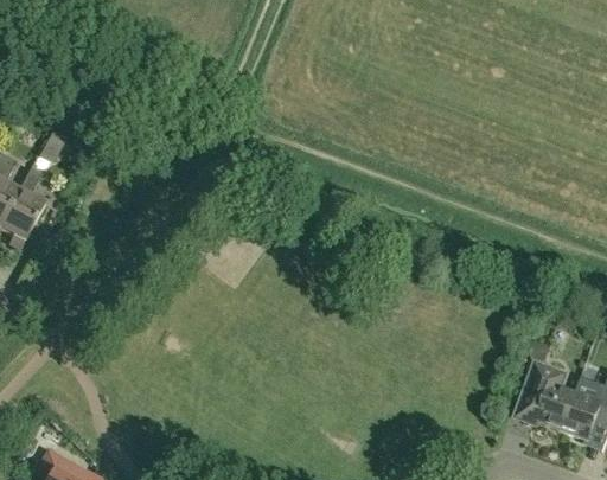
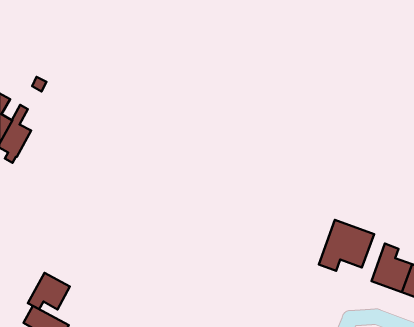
building: none -> [319,220,374,271]
building: none -> [28,273,70,309]

